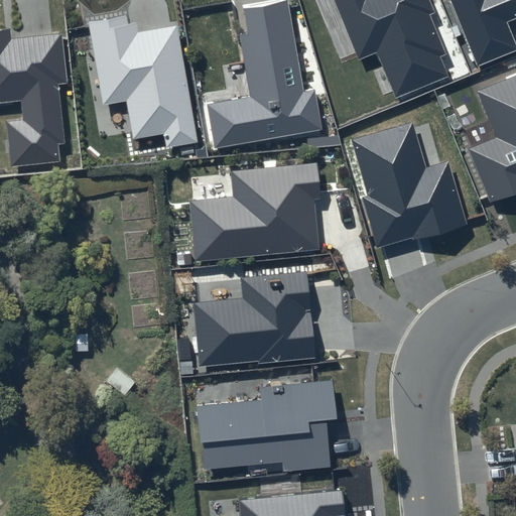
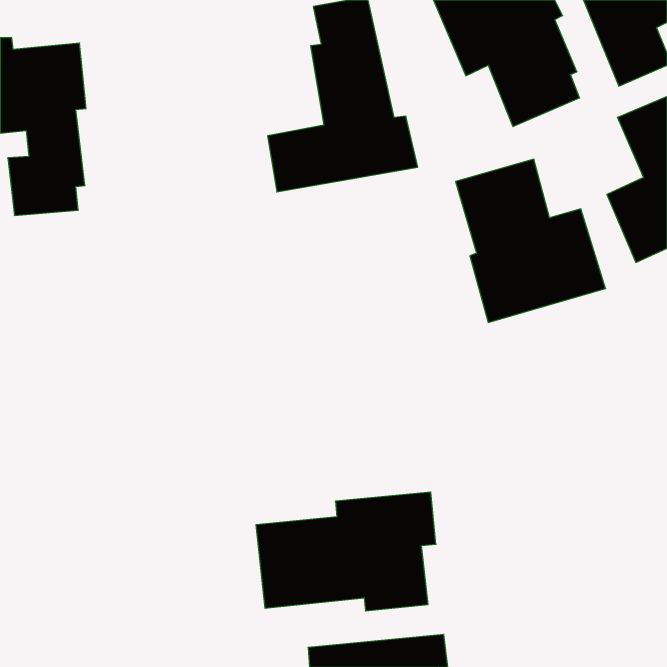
building: [89,14,199,147] -> none
building: [189,163,319,261] -> none
building: [194,271,314,368] -> none

